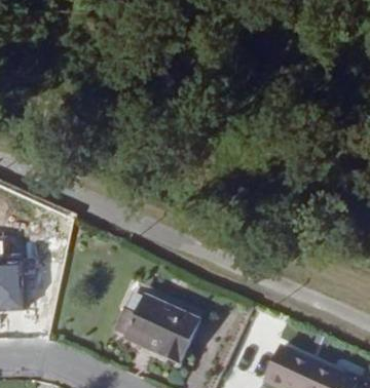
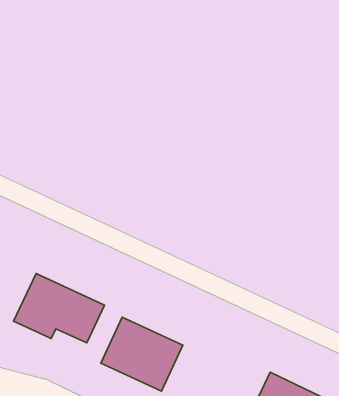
building: none -> [13,274,105,343]

